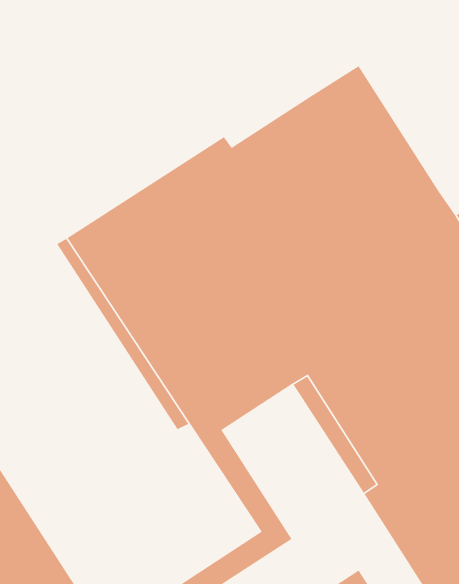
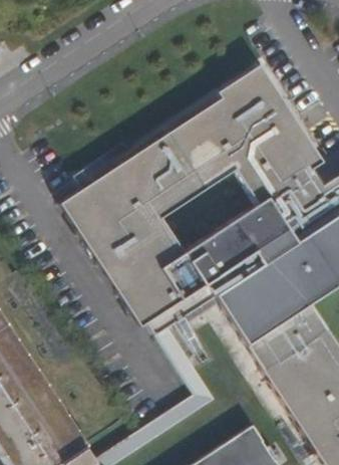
building: none -> [171,66,321,168]

